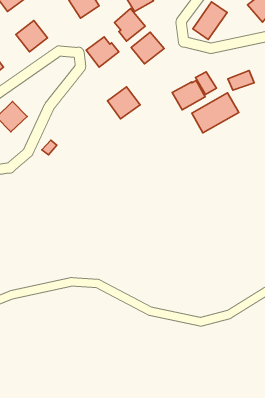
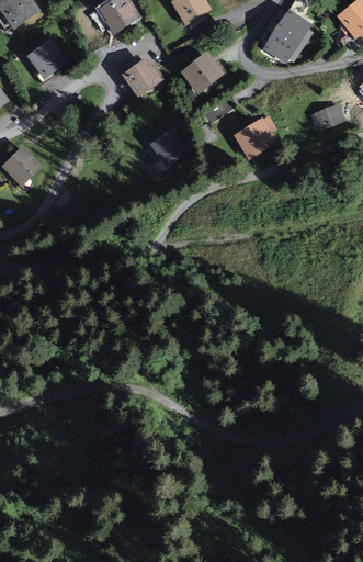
building: [115,9,145,41] -> none
building: [196,72,216,94] -> none
building: [192,93,239,133] -> none

